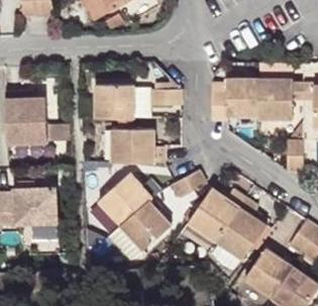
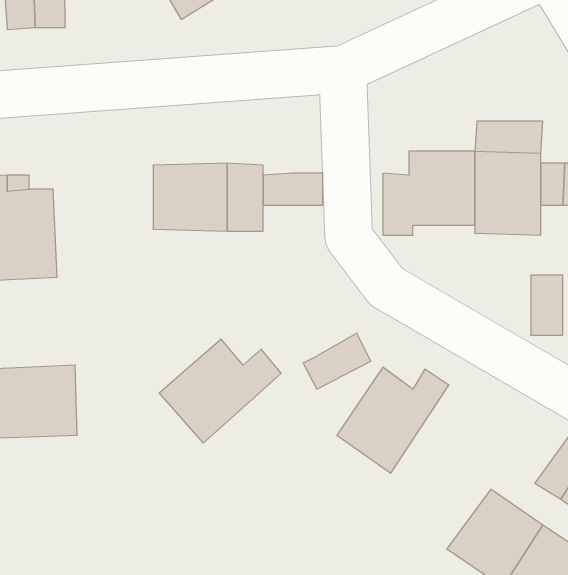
building: [112,129,163,163] -> none
building: [215,197,267,261] -> none
building: [120,201,171,250] -> none

